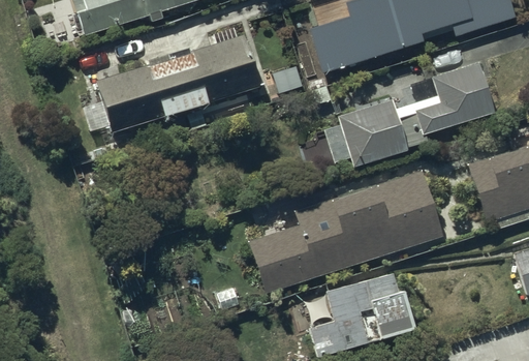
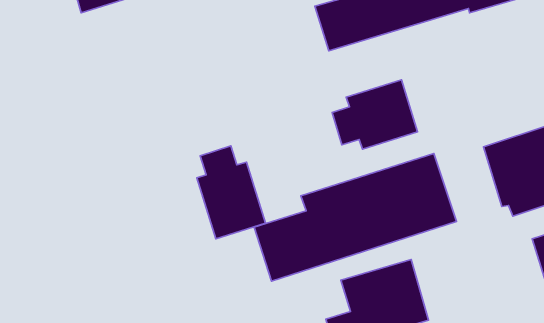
building: [99,37,263,132] -> none
building: [412,61,495,131] -> none
building: none -> [197,146,265,239]

